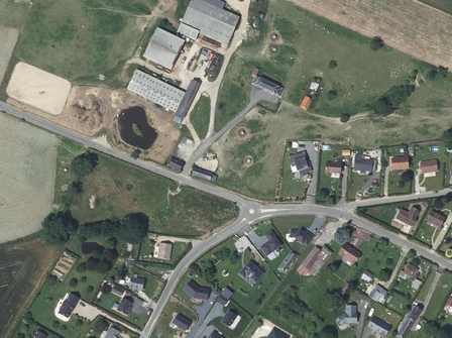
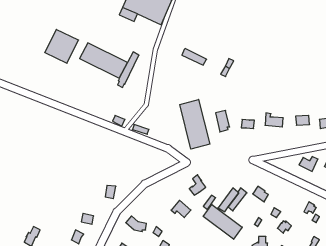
building: [142,27,184,69] -> [45,29,79,63]
building: none -> [180,99,210,149]
building: none -> [203,204,242,239]

